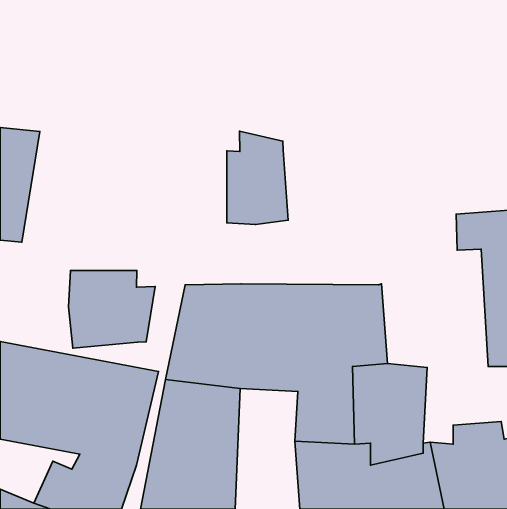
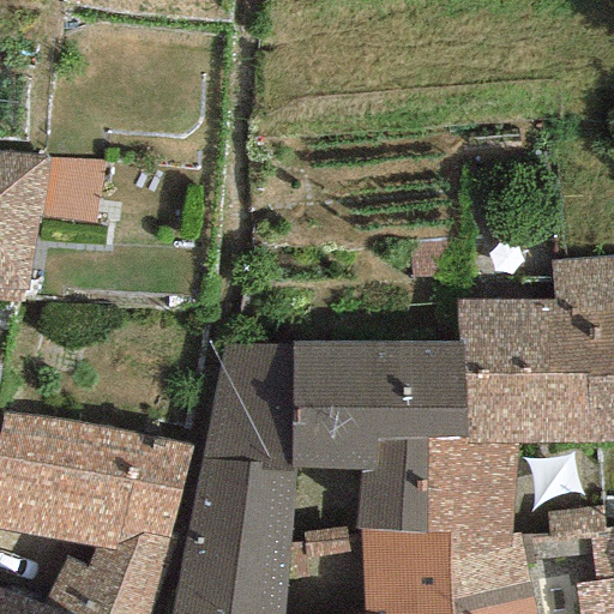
building: [227,131,288,225] -> none
building: none -> [456,300,590,443]
building: [69,270,155,348] -> none

